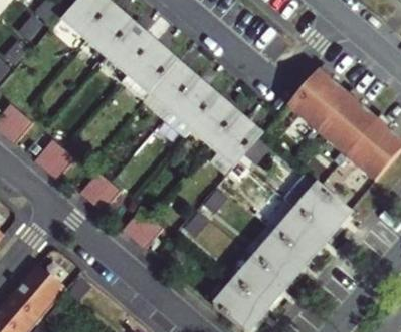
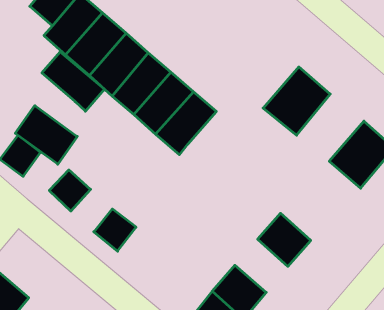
building: none -> [42,52,105,111]
building: [315,98,377,159] -> none
building: none -> [15,106,77,164]
building: [214,113,262,162] -> none
building: [299,183,350,233] -> none
building: [257,232,307,281] -> none

